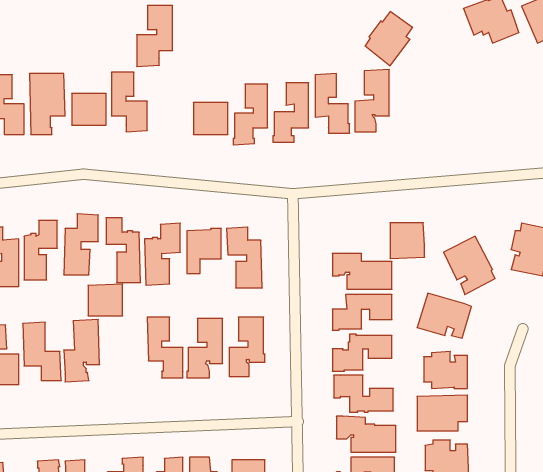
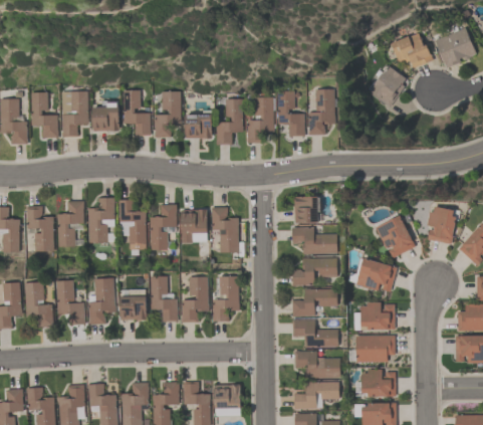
building: [137,6,173,67] -> [154,90,181,137]
building: [365,12,413,66] -> [370,65,406,107]
building: [390,223,425,258] -> [294,196,320,223]
building: [88,284,123,316] -> [120,294,147,318]

